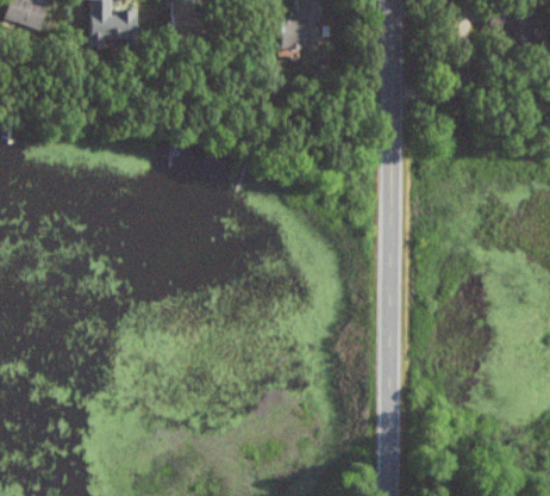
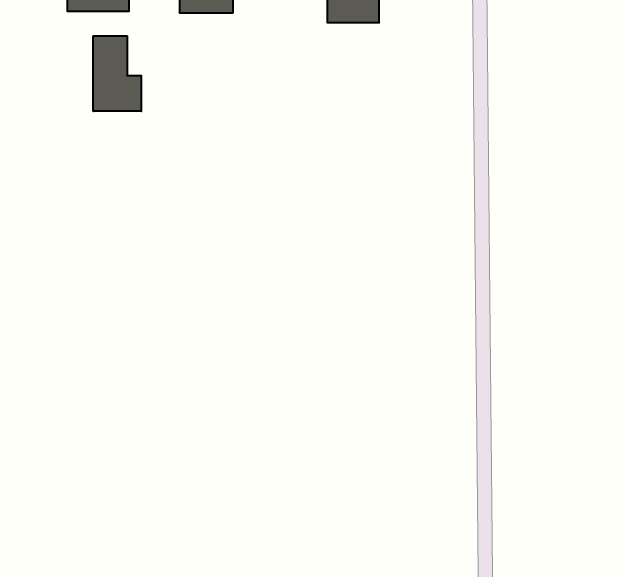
building: none -> [93,36,141,111]

